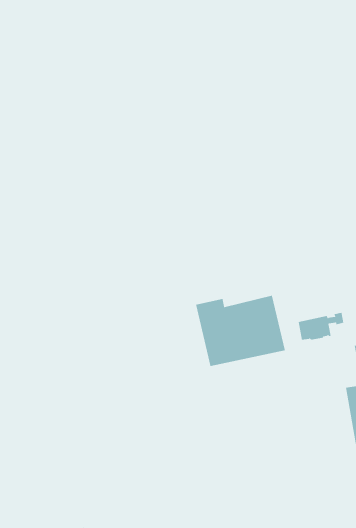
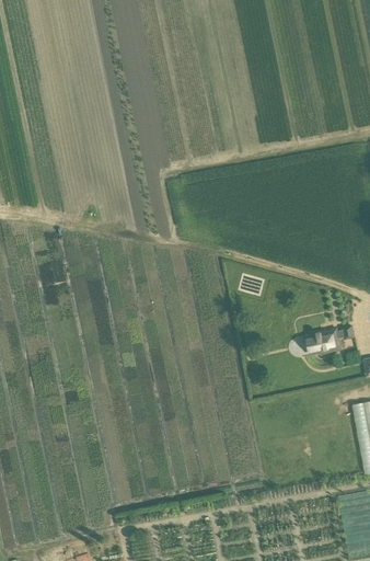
building: [196,295,286,367] -> none

